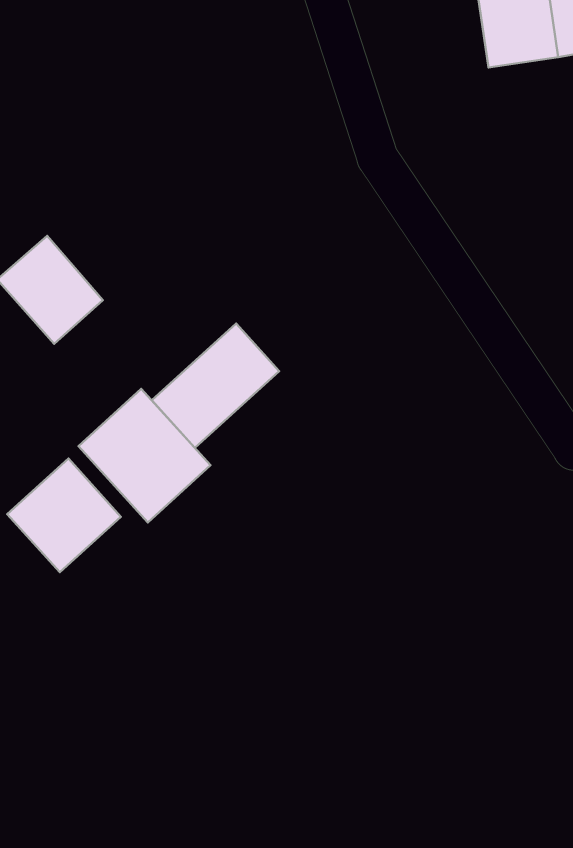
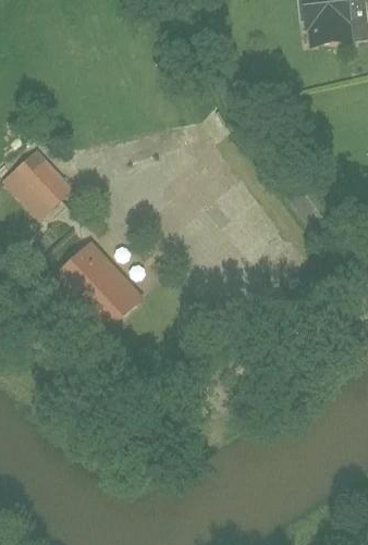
building: [152,324,279,448] -> none
building: [7,459,121,572] -> none

